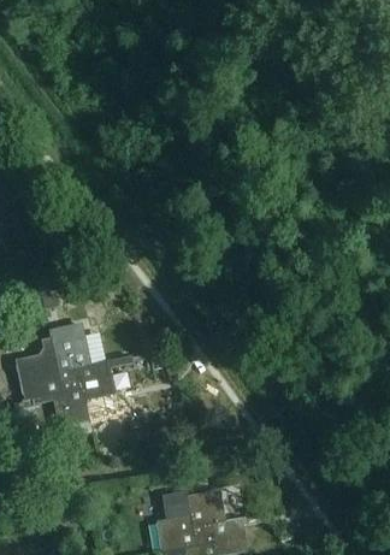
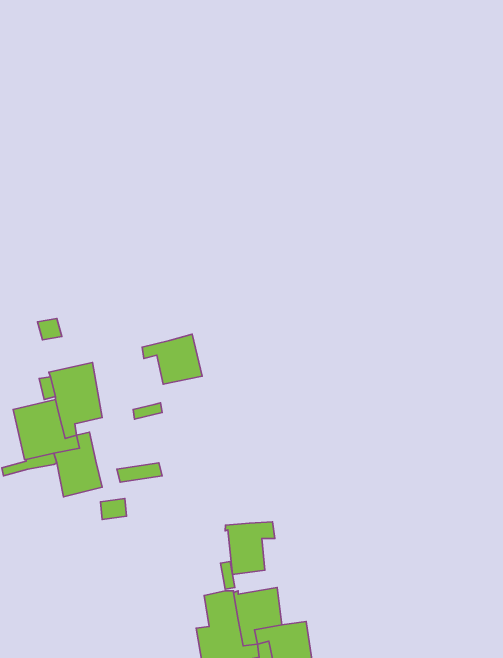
building: [69,360,113,397] -> [142,334,202,384]
building: none -> [225,522,275,574]

